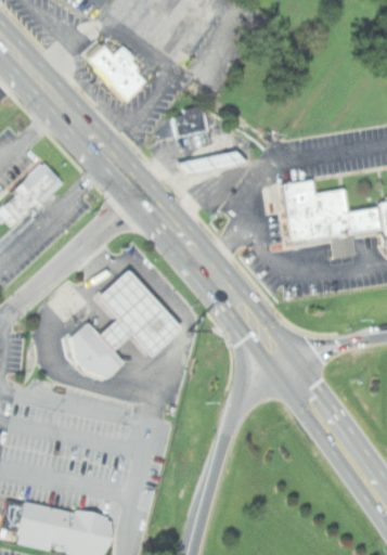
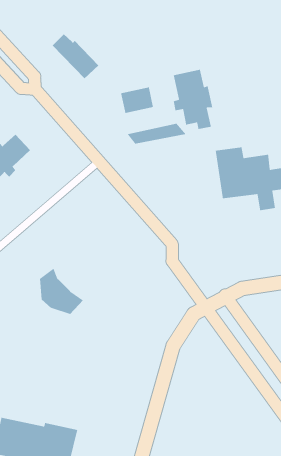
building: none -> [173,69,213,130]
building: [96,270,180,356] -> none

